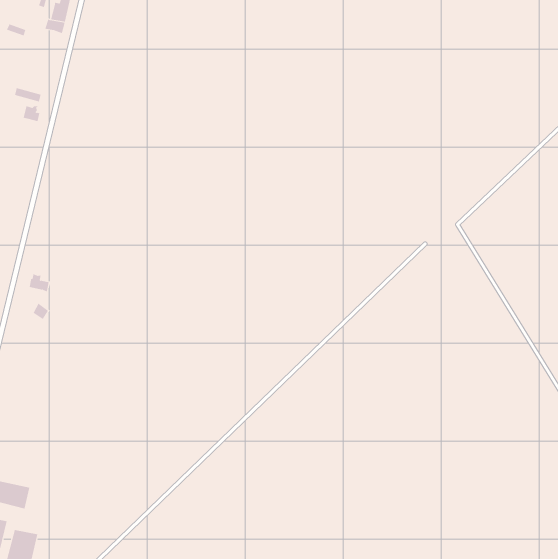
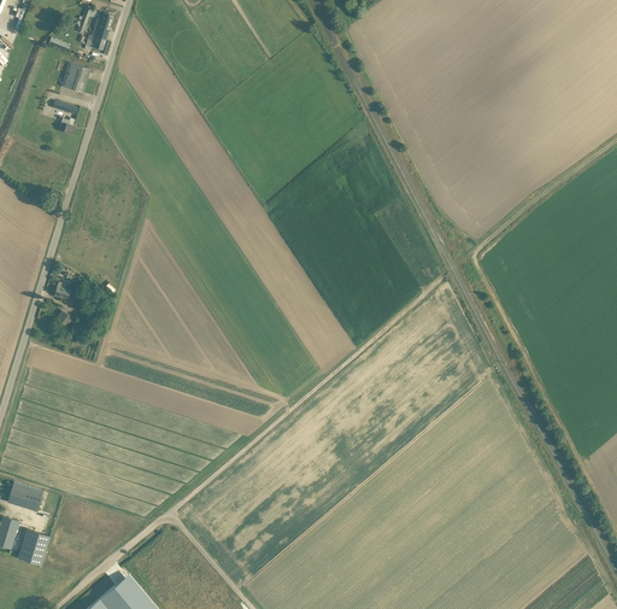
building: none -> [59,60,88,90]

